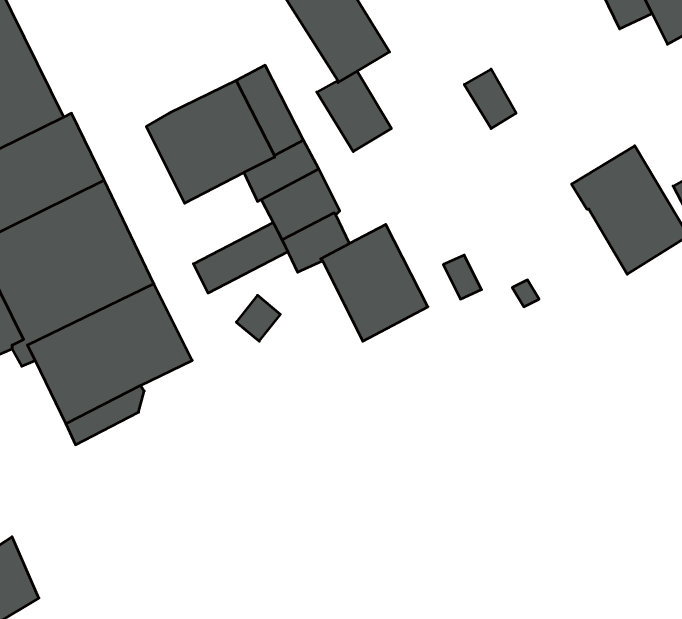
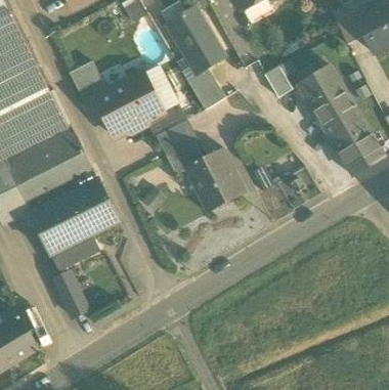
building: none -> [69,59,106,100]
building: none -> [296,63,355,126]
building: [193,222,288,293] -> none
building: none -> [54,271,87,315]

